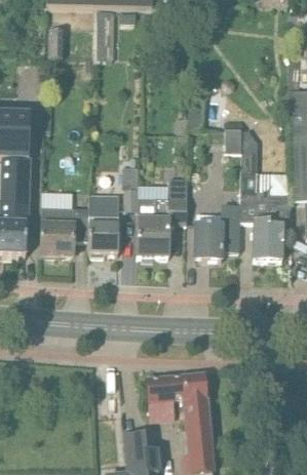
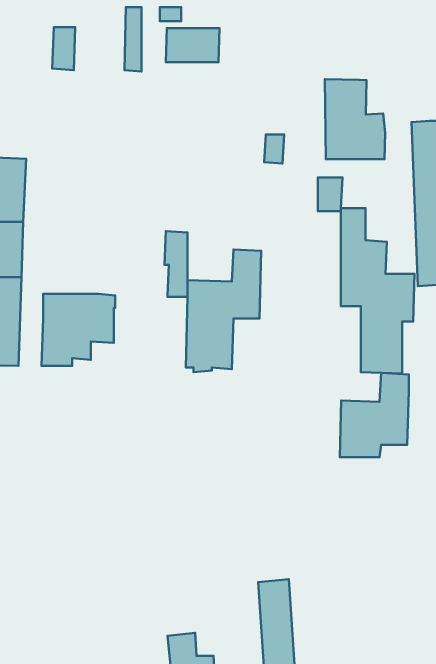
building: none -> [166,28,220,62]
building: none -> [325,79,385,159]
building: [195,201,241,258] -> [340,373,409,457]
building: [89,206,119,253] -> none
building: [148,372,206,418] -> none

